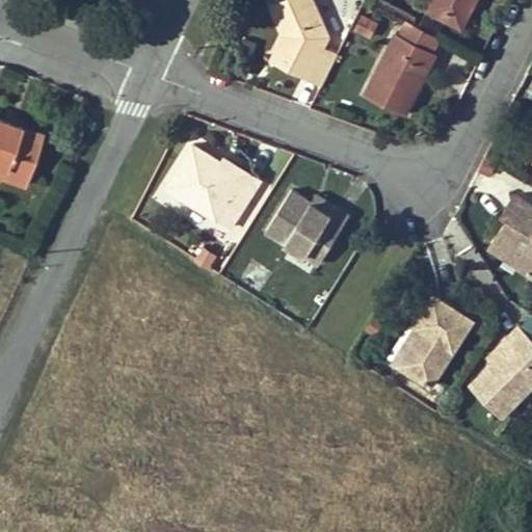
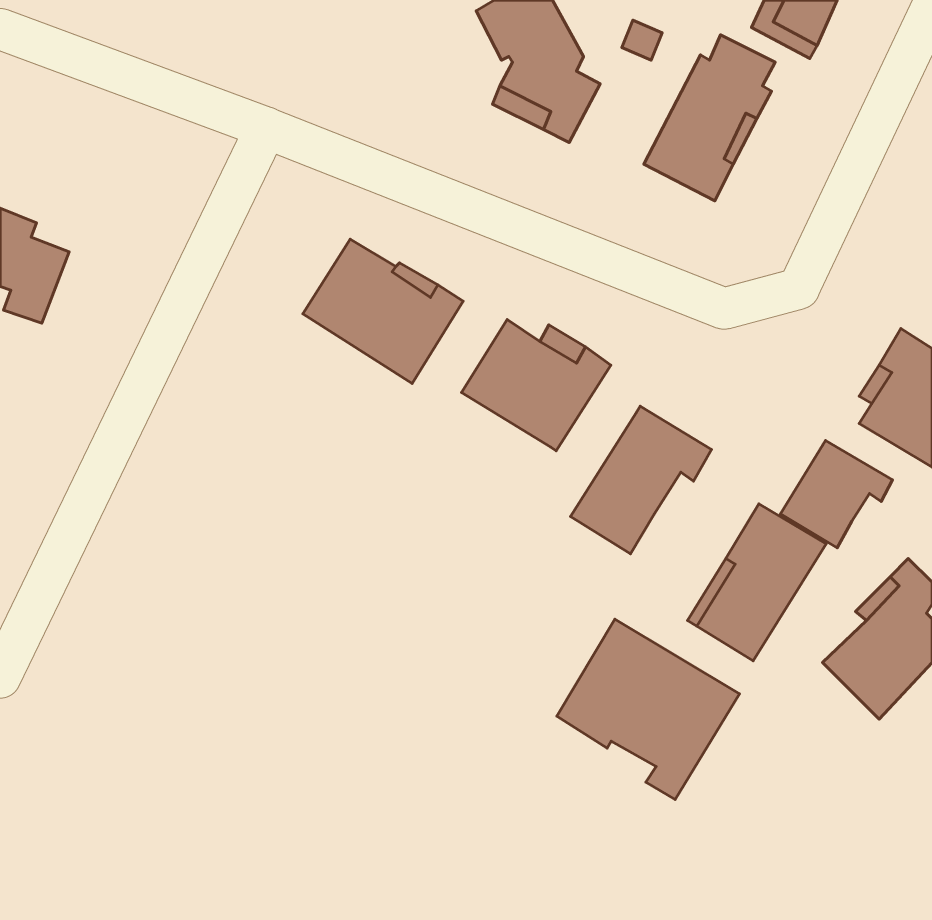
building: none -> [571,406,711,554]
building: none -> [781,440,892,548]
building: none -> [557,619,740,799]

